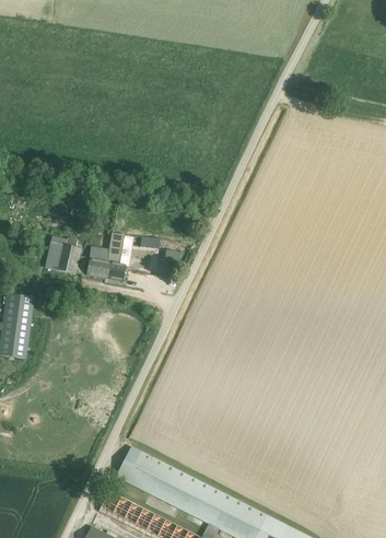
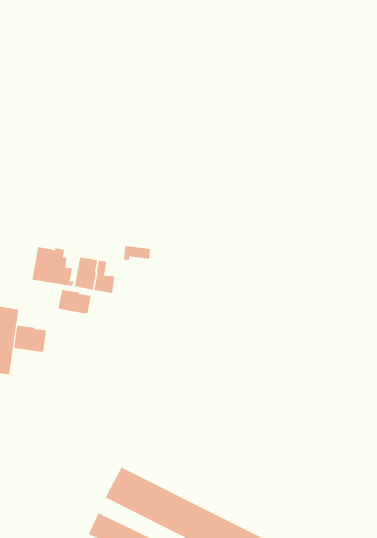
building: none -> [58,289,91,314]
building: none -> [14,325,46,352]

